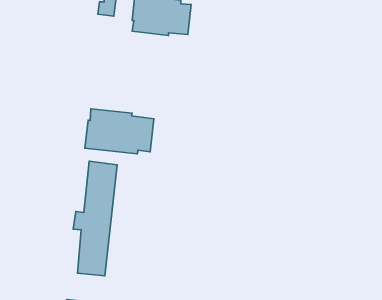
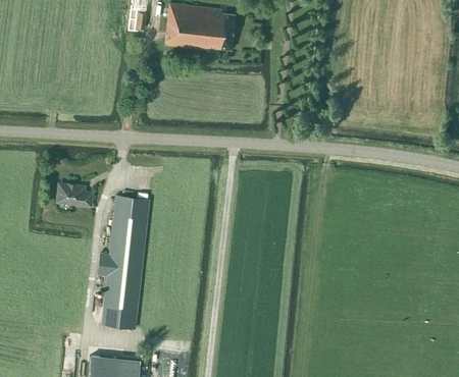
building: [85,109,154,154] -> none
building: none -> [57,184,92,206]

